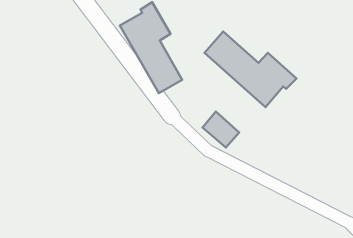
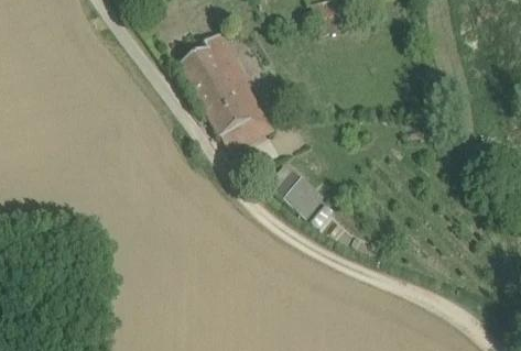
building: [205,32,296,107] -> none

